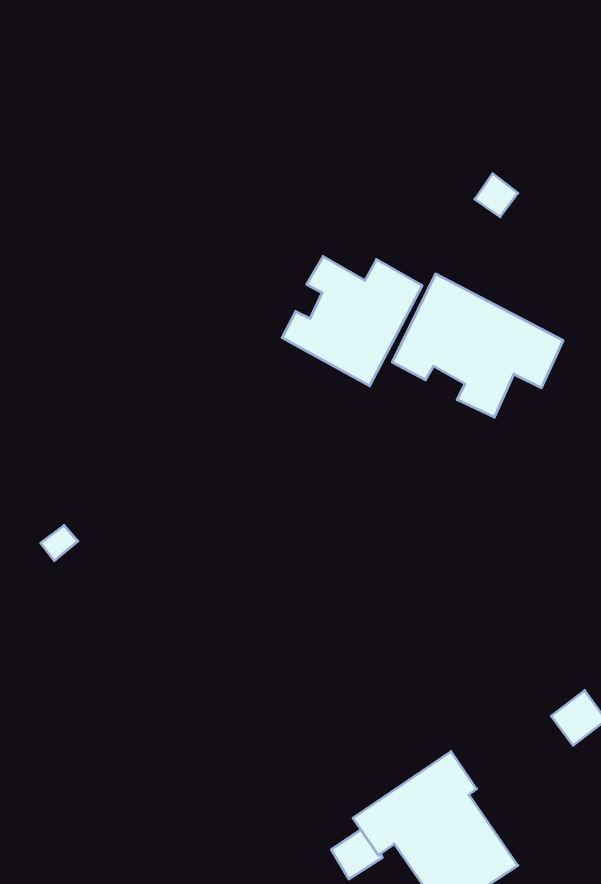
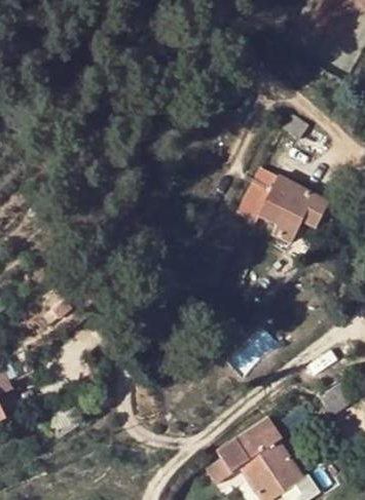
building: [282,256,422,386] -> none

